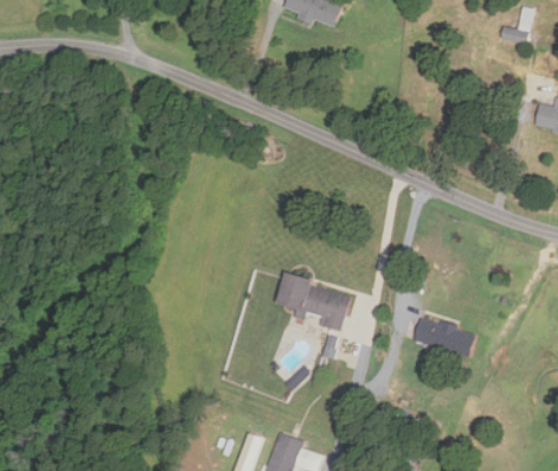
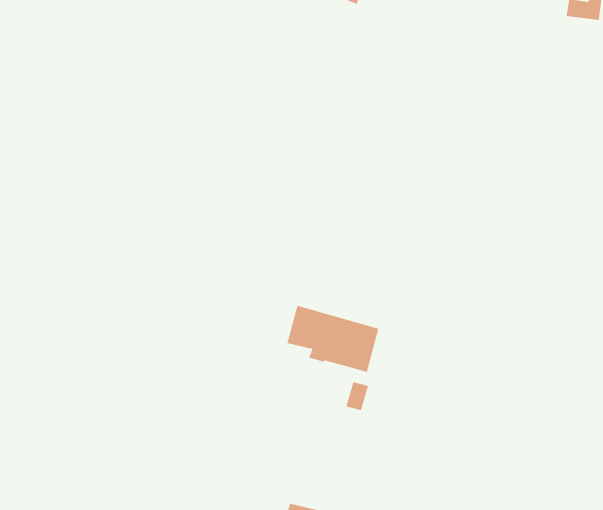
building: [413,316,476,356] -> none

